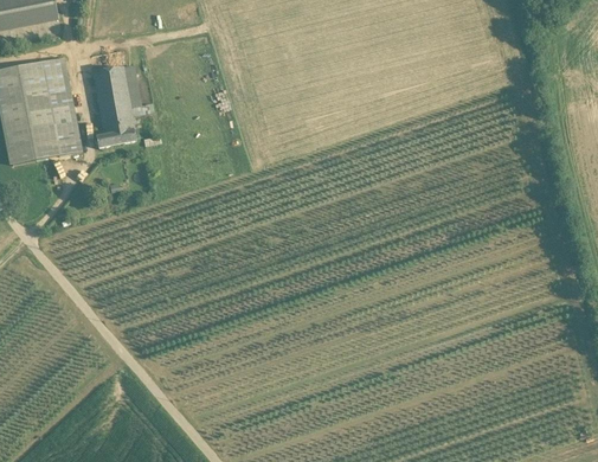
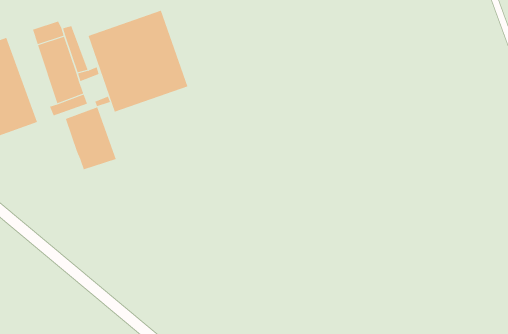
building: none -> [88,10,188,113]
building: none -> [65,107,116,170]

